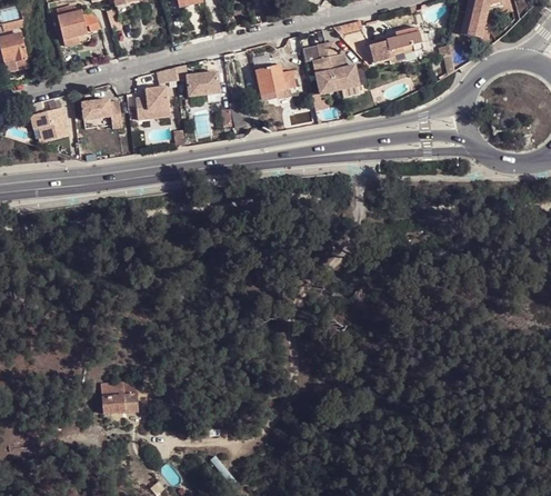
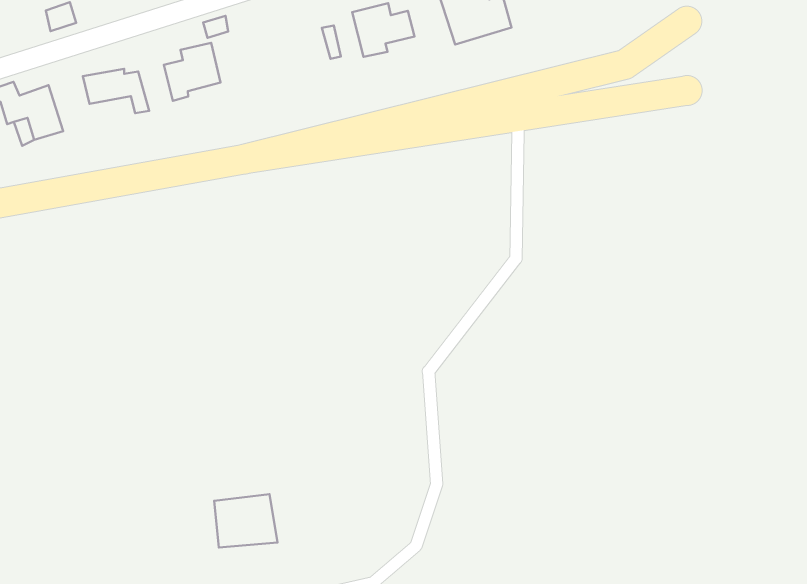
building: [187,69,219,95] -> none
building: [100,380,139,413] -> [214,494,278,547]

